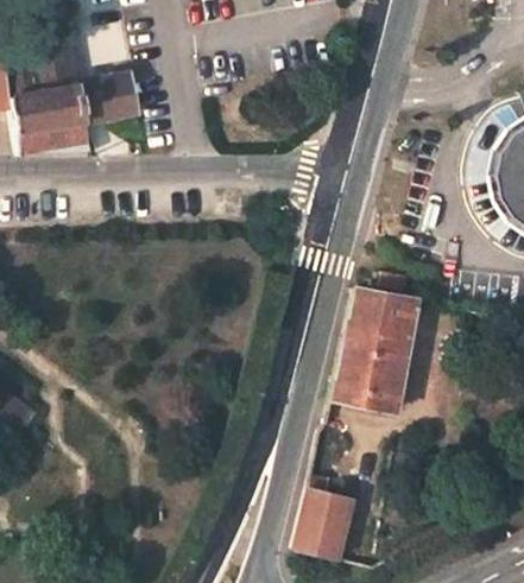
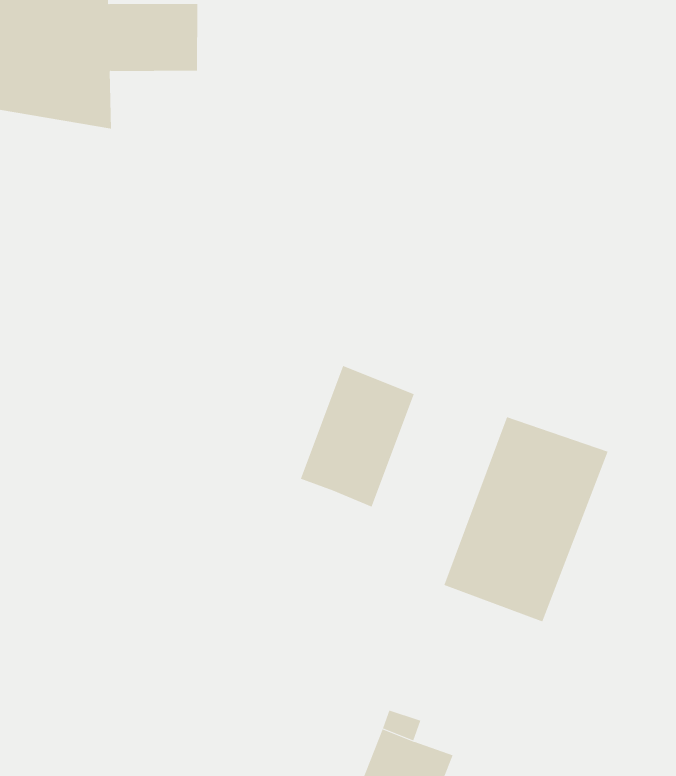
building: none -> [300,365,414,508]

